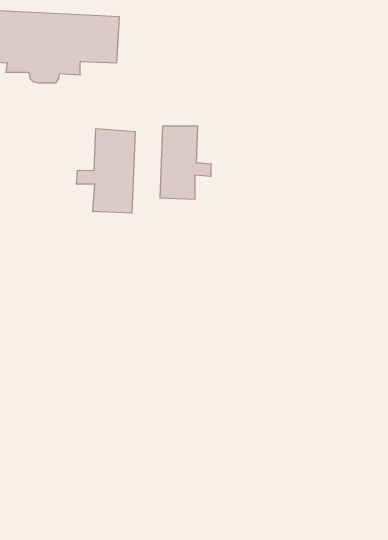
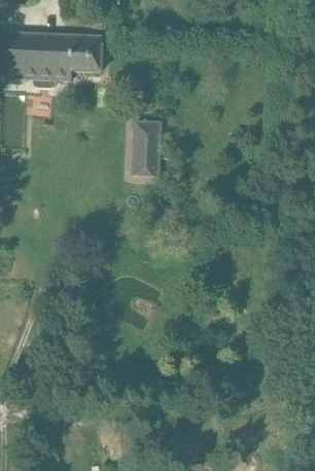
building: [77,129,135,213] -> none

